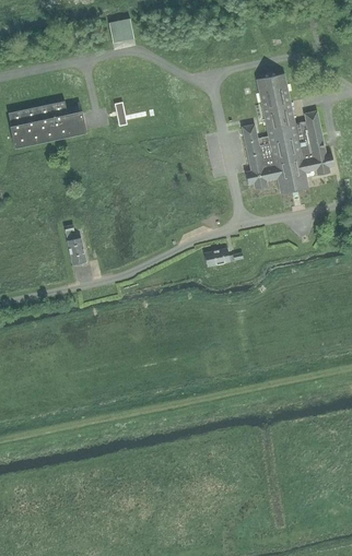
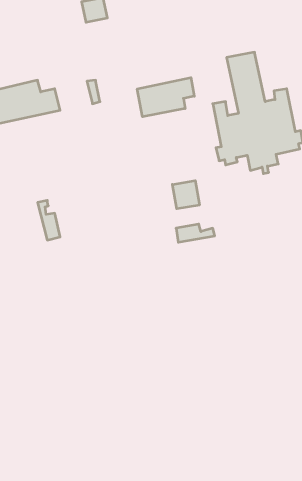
building: none -> [137,78,194,117]
building: none -> [172,181,199,209]

